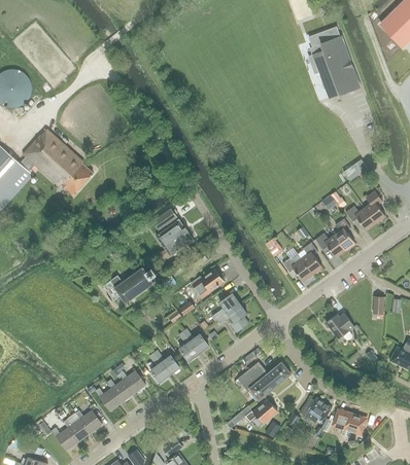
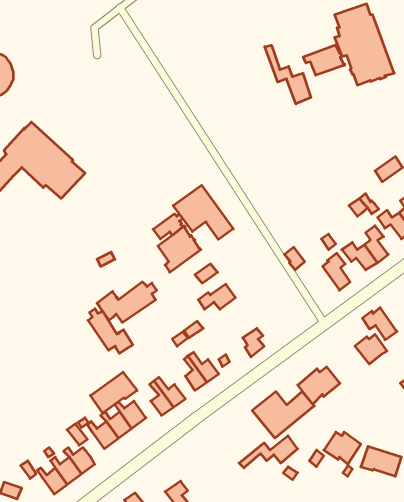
building: none -> [303,45,345,75]
building: none -> [265,45,311,104]
building: none -> [173,185,233,239]
building: [283,253,313,281] -> [362,308,397,340]
building: none -> [88,309,133,353]
building: [214,292,242,323] -> none
building: none -> [298,367,340,404]
building: none -> [90,372,137,413]

